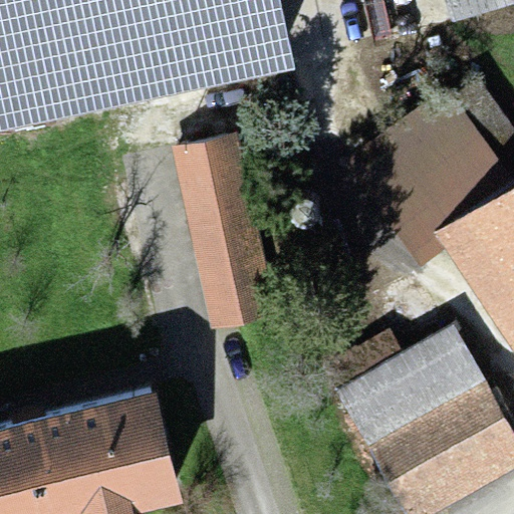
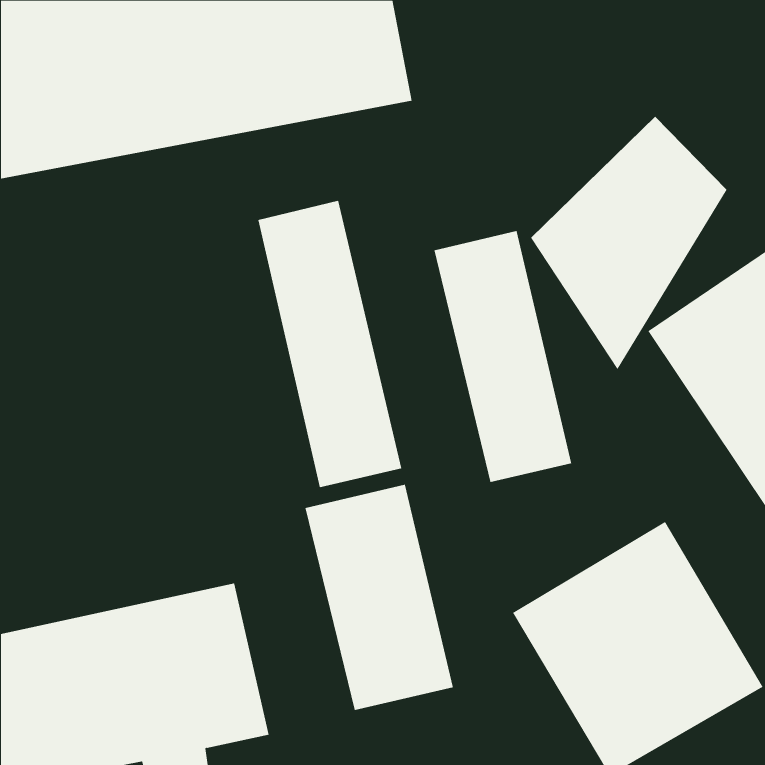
building: none -> [434,230,572,483]
building: none -> [305,484,453,711]

